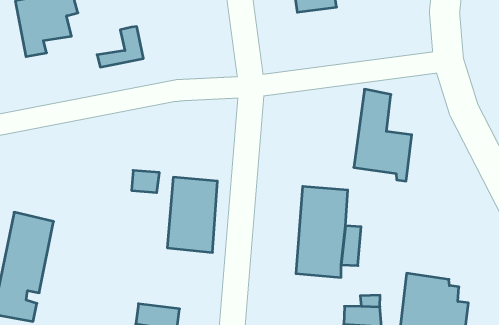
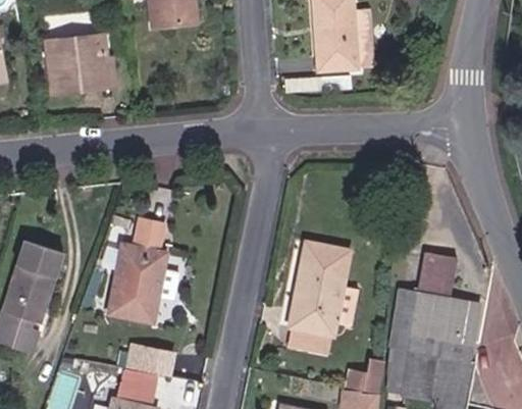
building: [97,27,143,67] -> [64,52,109,89]
building: [354,89,412,181] -> [401,256,460,349]
building: [167,177,217,252] -> [114,234,168,310]
building: none -> [290,323,336,351]

